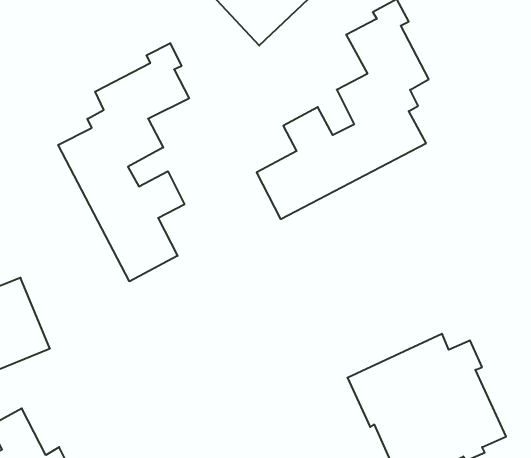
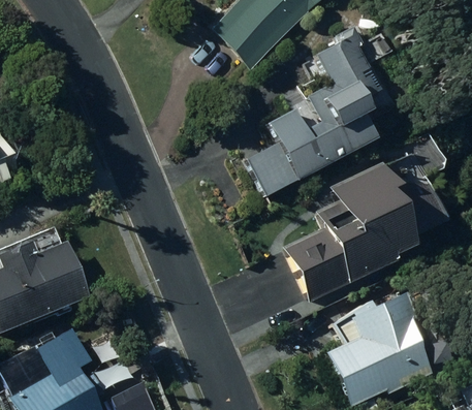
building: [58,43,189,281] -> none
building: none -> [284,156,440,302]

